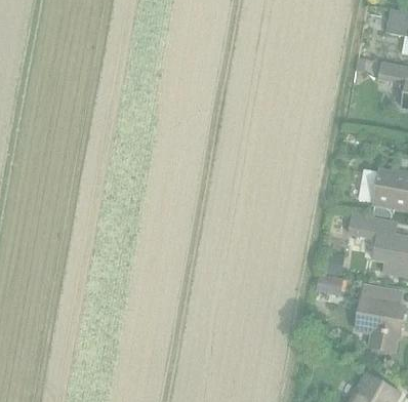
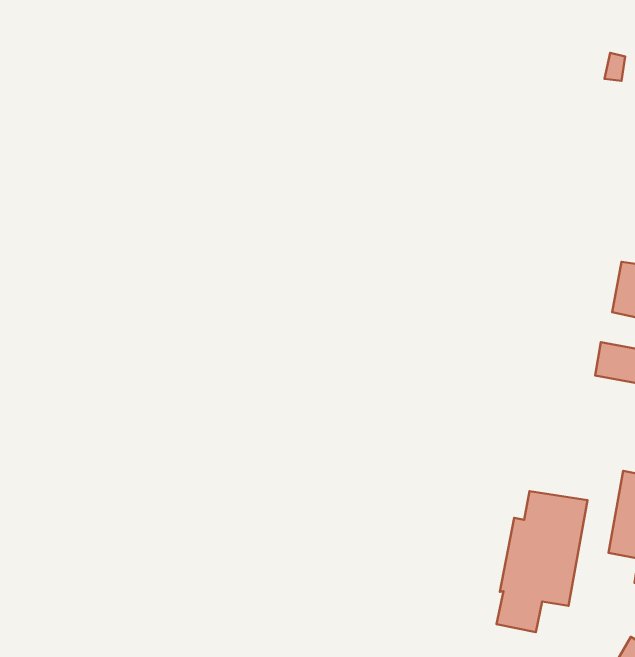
building: none -> [497,491,588,632]

